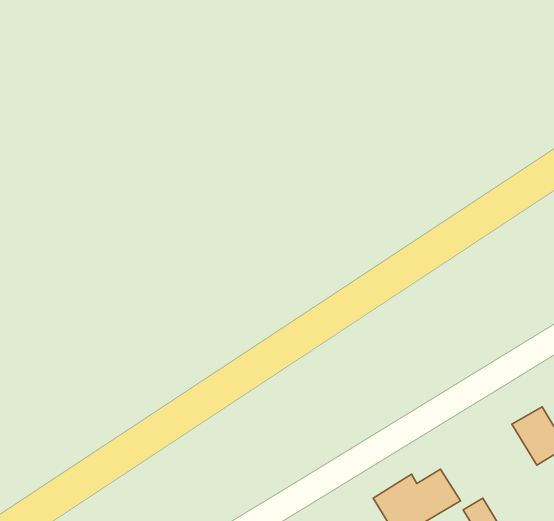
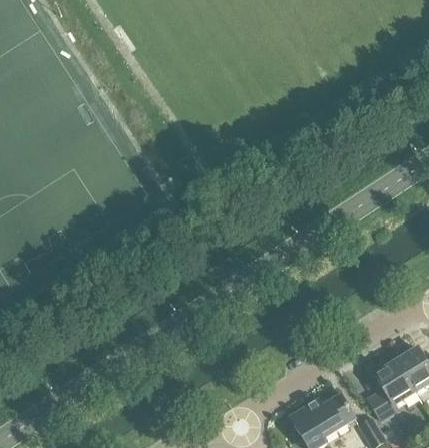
building: none -> [366,361,413,421]

